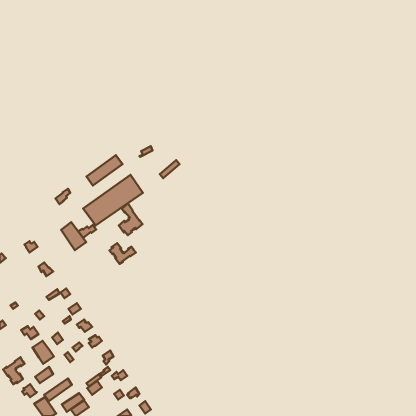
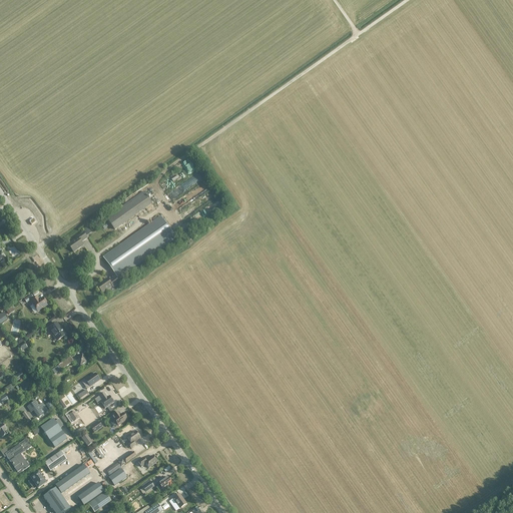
building: [119,203,142,235] -> none
building: [61,222,86,250] -> none
building: [110,243,136,264] -> none

